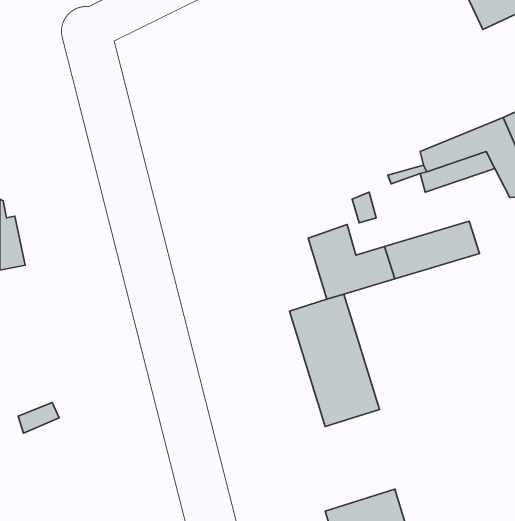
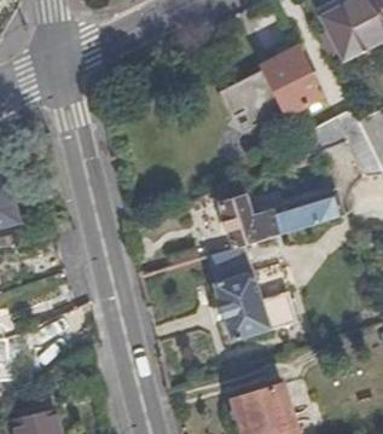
building: none -> [222,46,326,127]

